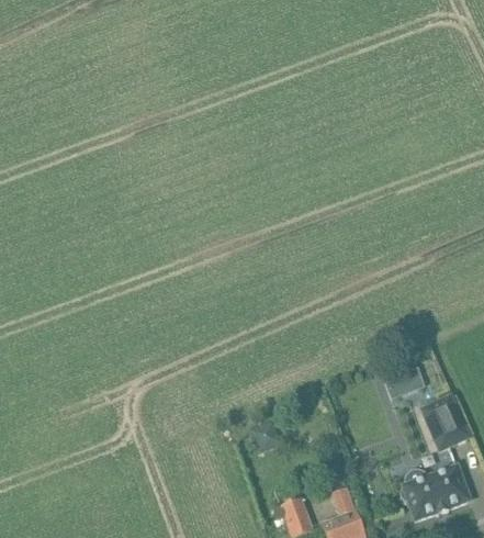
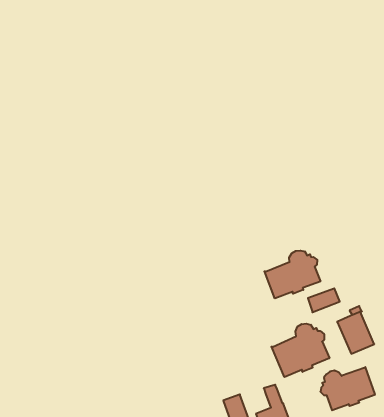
building: none -> [264,251,320,298]
building: none -> [271,324,329,377]

